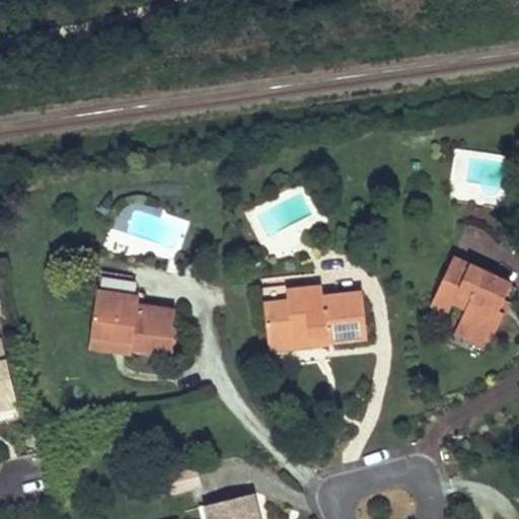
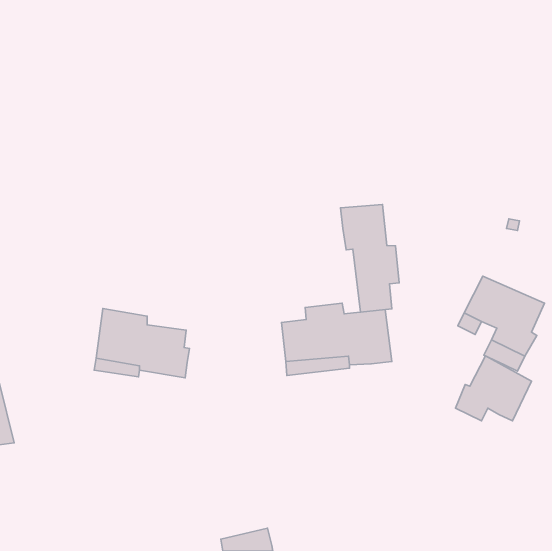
building: none -> [341,204,399,312]
building: none -> [455,356,531,421]

